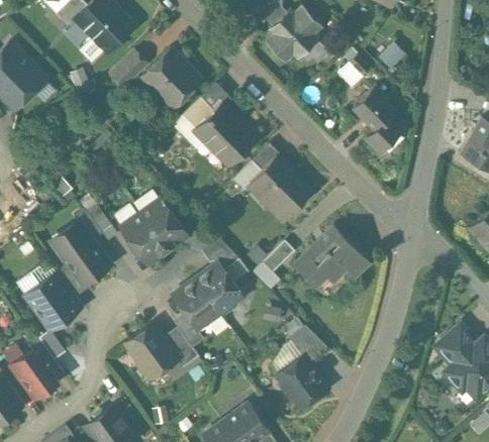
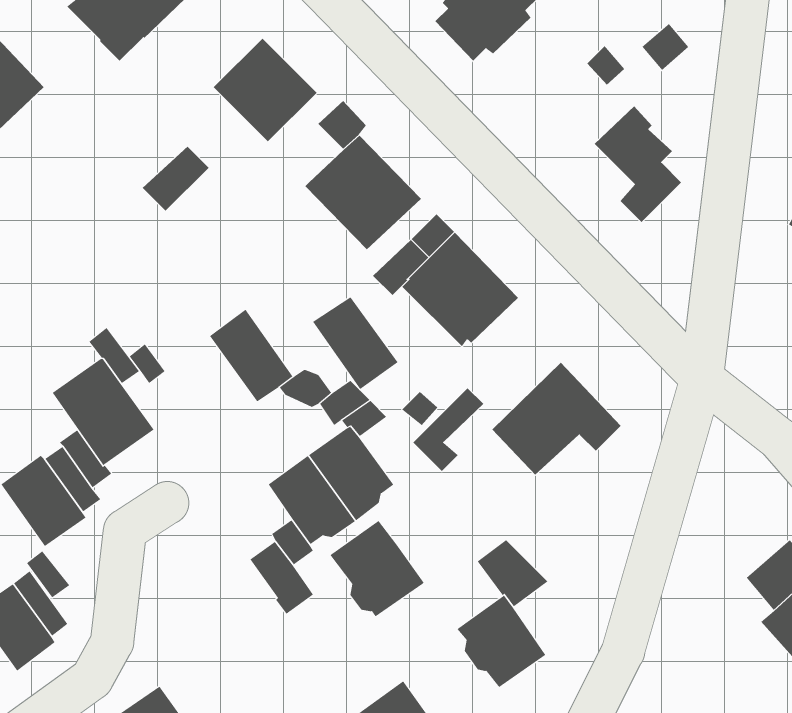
building: [109,51,146,88] -> [142,146,210,212]
building: [182,97,214,129] -> none
building: [119,214,167,265] -> [312,296,398,390]
building: [125,324,178,377] -> [329,520,425,617]

